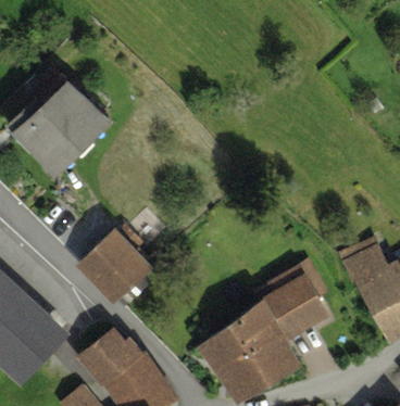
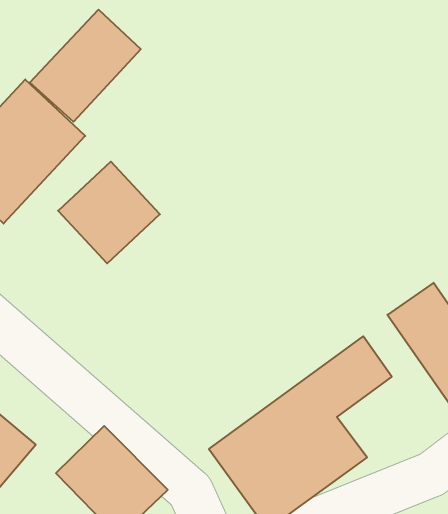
building: none -> [30,10,141,122]
building: [83,227,155,300] -> [58,162,160,263]

